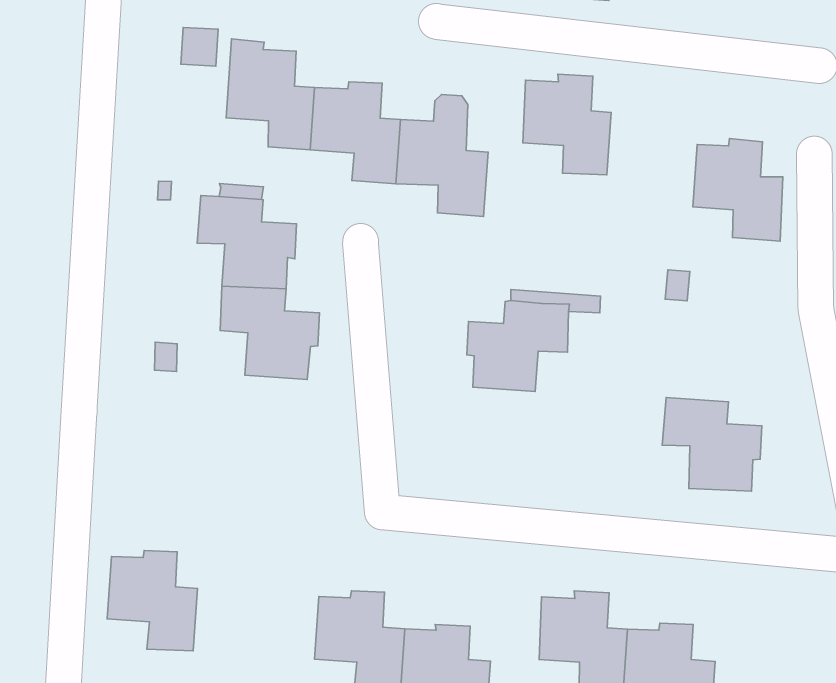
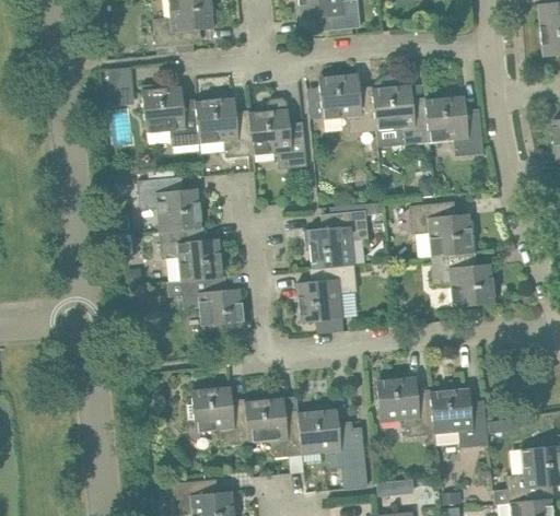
building: none -> [373,74,430,143]
building: none -> [410,201,472,255]
building: none -> [182,278,243,330]
building: none -> [298,263,358,320]
building: [107,550,197,651] -> [192,385,249,445]

